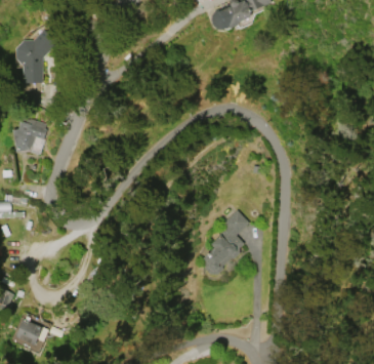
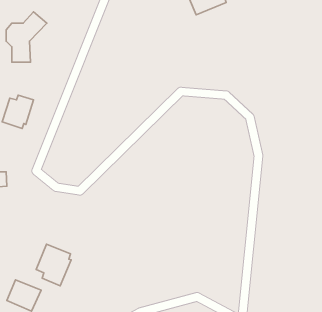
building: [205,210,252,278] -> none
building: none -> [36,244,71,286]

